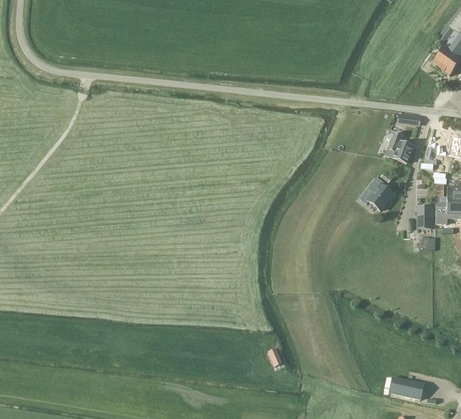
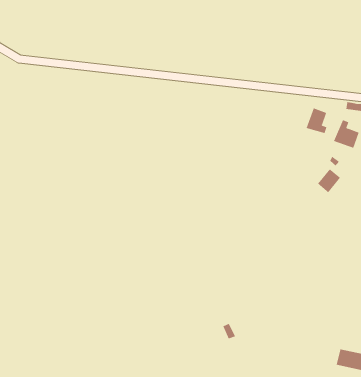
building: none -> [306,108,327,134]

